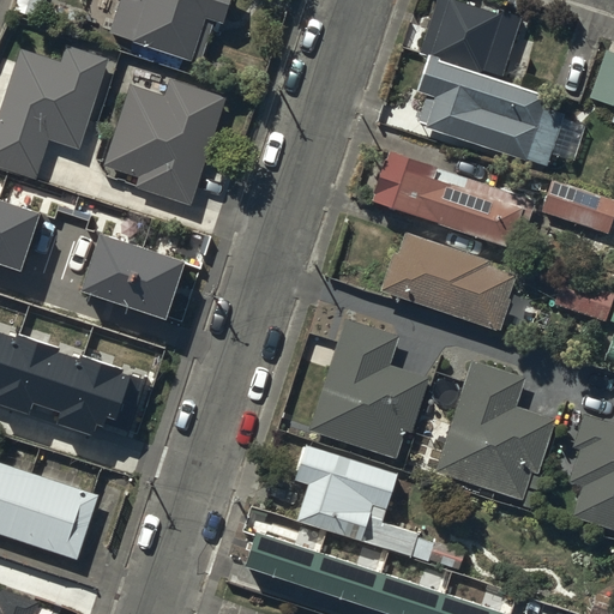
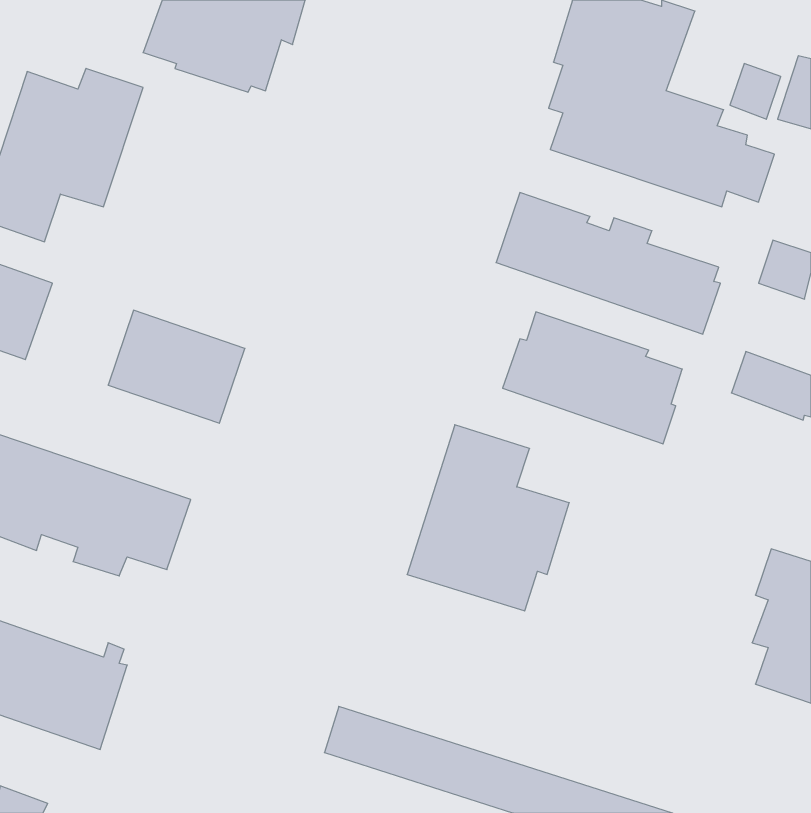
building: [103,84,224,211] -> none
building: [433,360,553,501] -> none
building: [289,444,432,561] -> none

